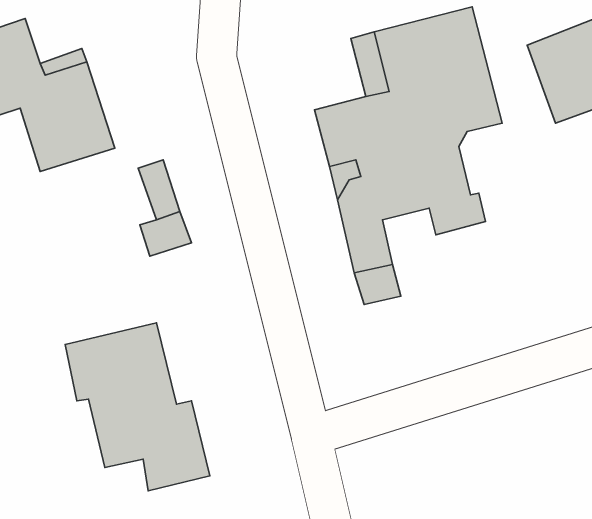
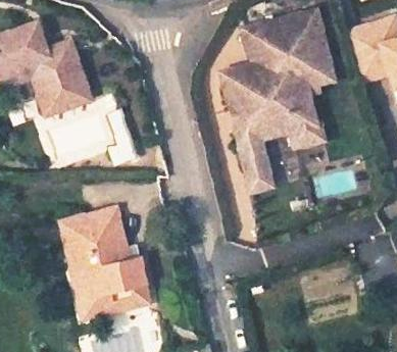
building: none -> [68,253,112,315]

